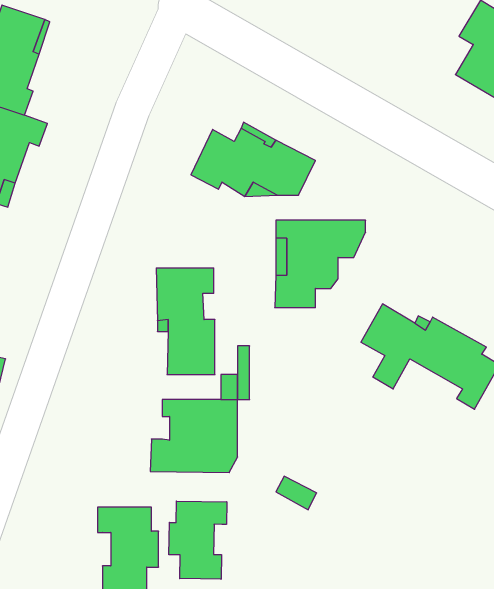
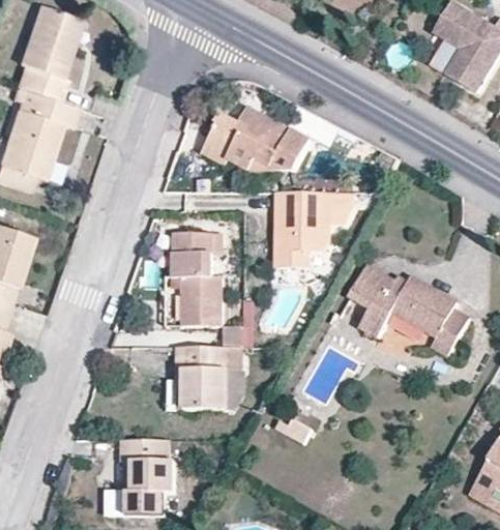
building: [169,501,227,579] -> none

